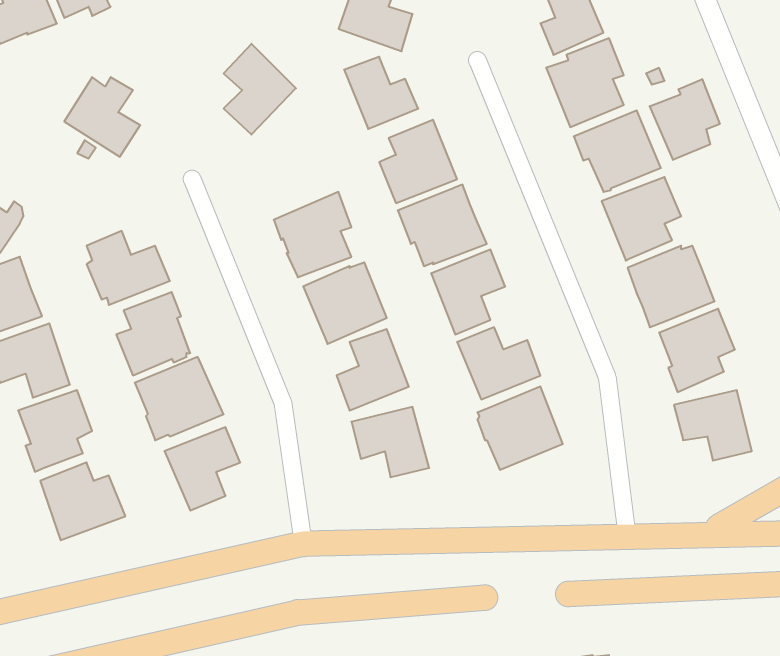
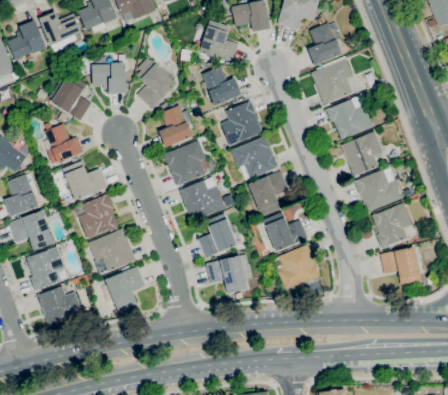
building: none -> [92,63,126,94]
building: [650,79,720,160] -> none
building: none -> [159,106,193,148]
building: none -> [45,124,84,164]

